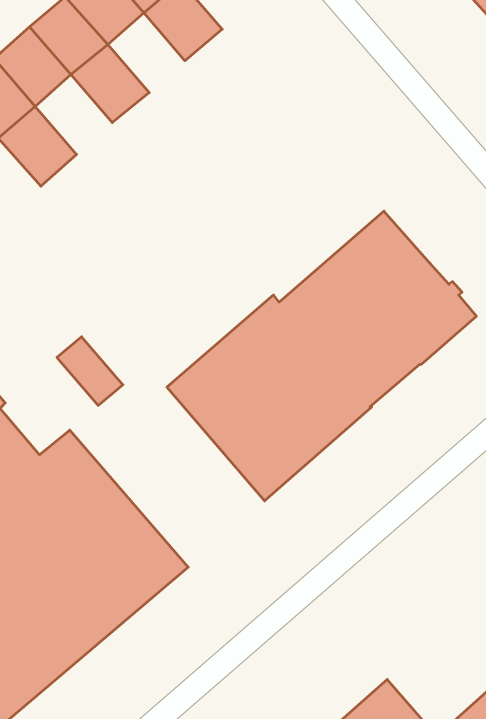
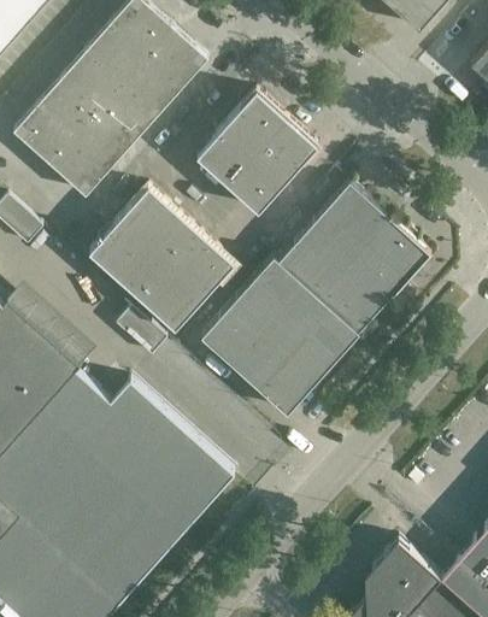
building: none -> [123,55,183,116]
building: none -> [74,110,134,170]
building: none -> [196,93,317,213]
building: none -> [89,188,234,331]

